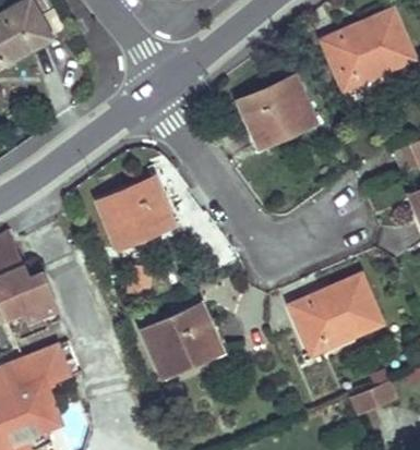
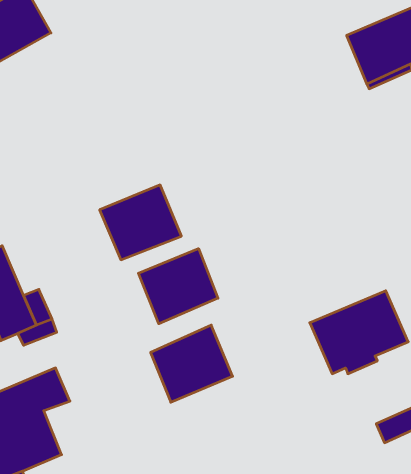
building: [239,76,314,145] -> none
building: none -> [138,249,218,324]

